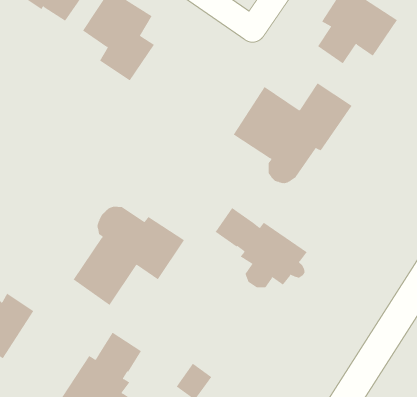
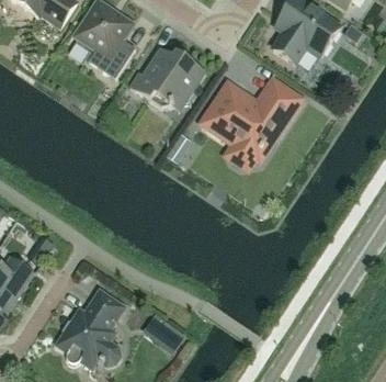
building: none -> [130,45,206,105]
building: [73,206,185,306] -> none
building: [215,207,308,288] -> none

